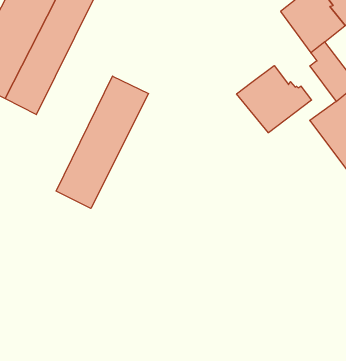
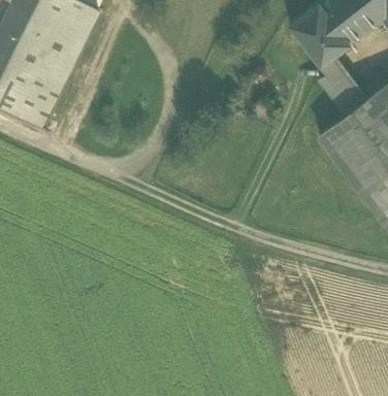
building: [237,66,312,133] -> none
building: [56,76,149,208] -> none

